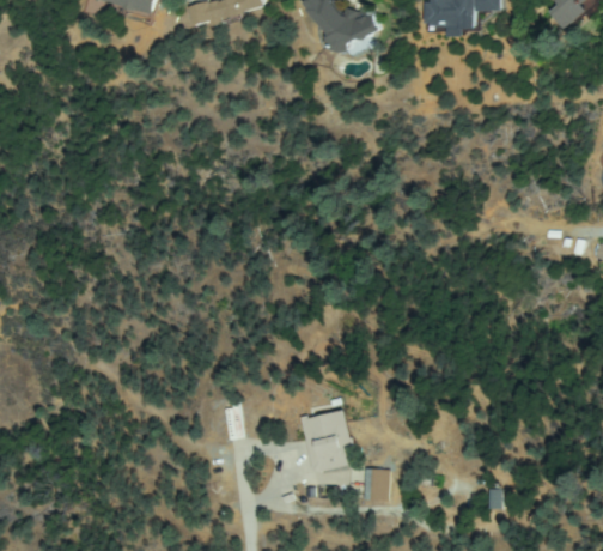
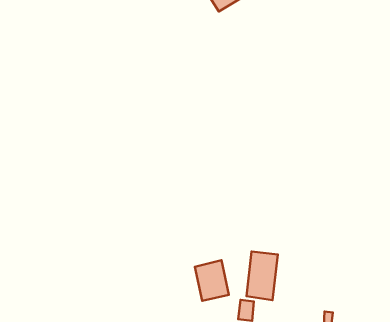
building: none -> [246,251,278,300]

